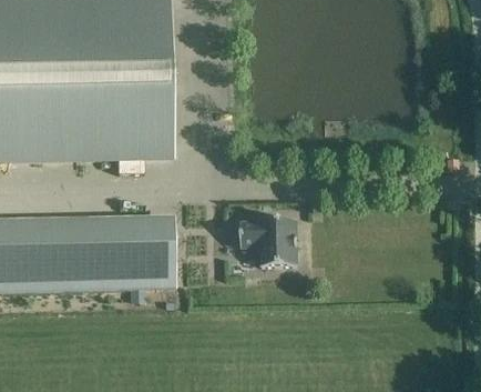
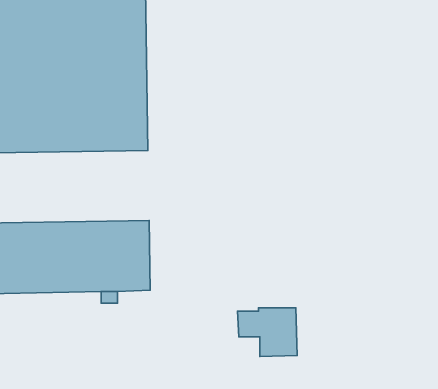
building: [240,214,297,261] -> [238,308,297,357]

